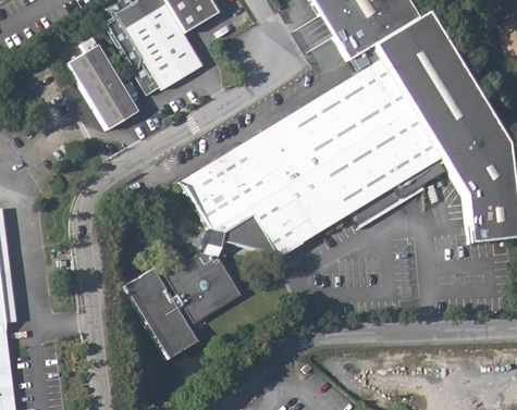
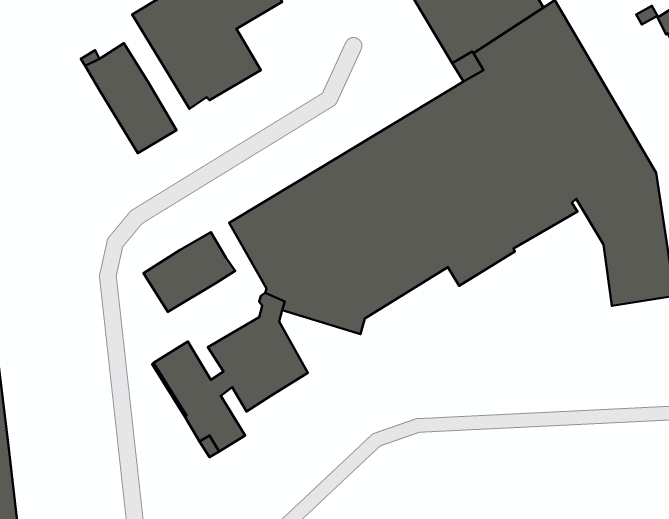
building: none -> [143,232,235,312]

